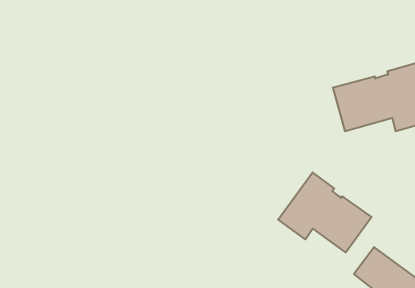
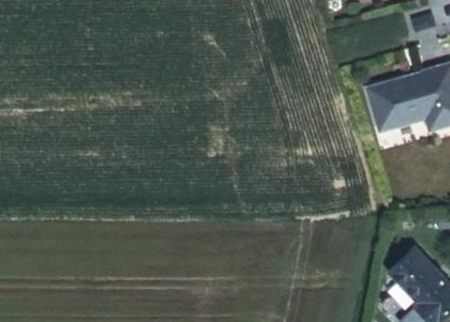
building: [278,172,372,252] -> none

